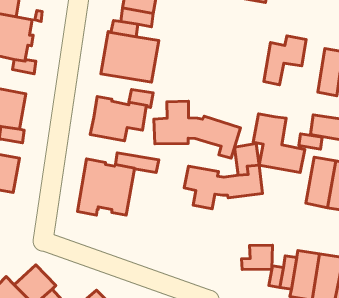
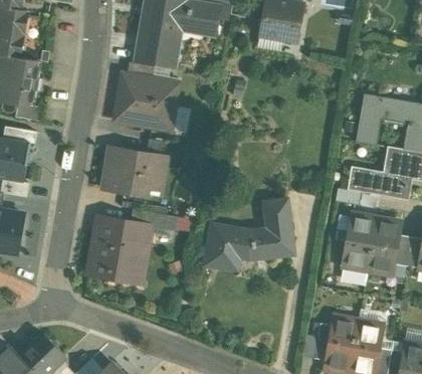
building: [264,36,306,85] -> none
building: [154,101,241,158] -> none
building: [253,114,305,172] -> none
building: [242,245,272,270] -> none

